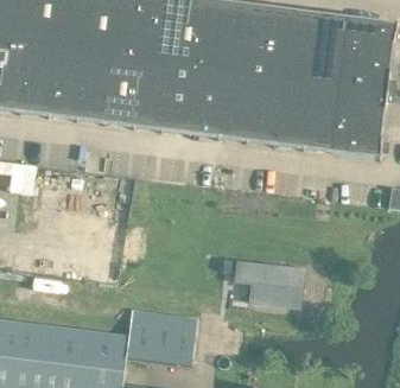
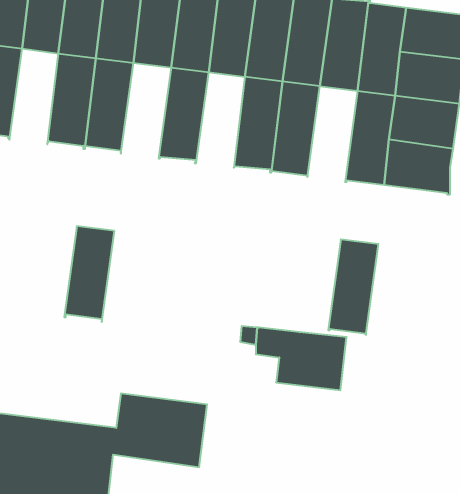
building: [46,47,83,120] -> none
building: [131,58,169,131] -> [64,226,114,322]
building: [188,65,224,138] -> none
building: [272,76,310,148] -> [328,239,378,335]

